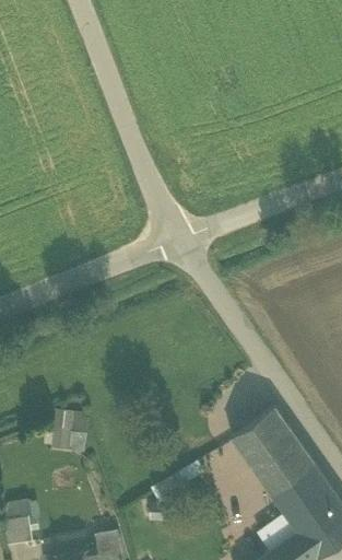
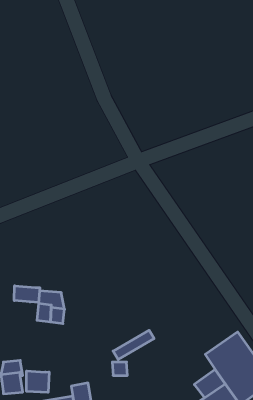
building: none -> [14,286,40,303]
building: [231,409,314,495] -> none
building: none -> [27,371,49,392]

